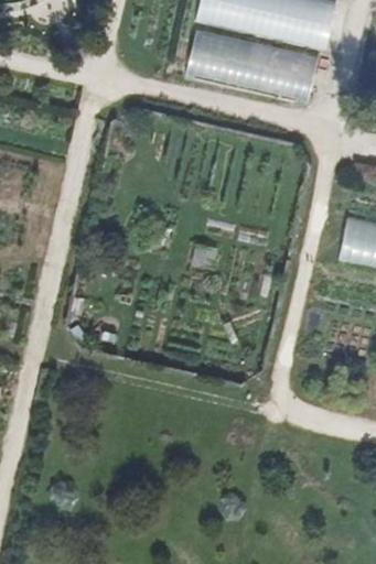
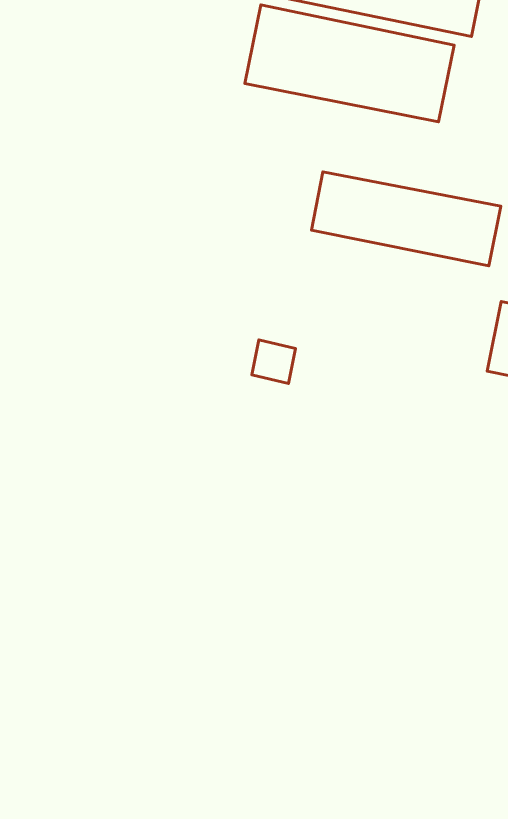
building: none -> [311,172,501,266]

